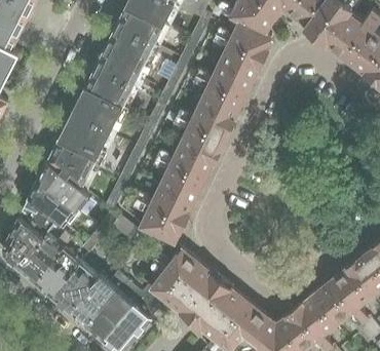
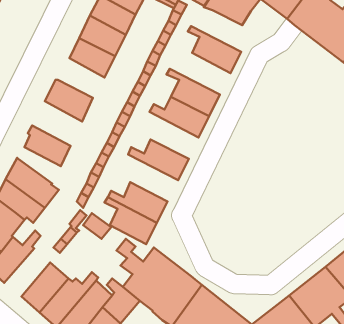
building: [215,23,270,63] -> none
building: [194,64,253,104] -> none
building: [86,69,131,107] -> none
building: [62,110,110,153] -> none
building: [172,120,222,165] -> none
building: [48,154,89,189] -> none
building: [151,161,202,206] -> none
building: [35,251,79,298] -> none

